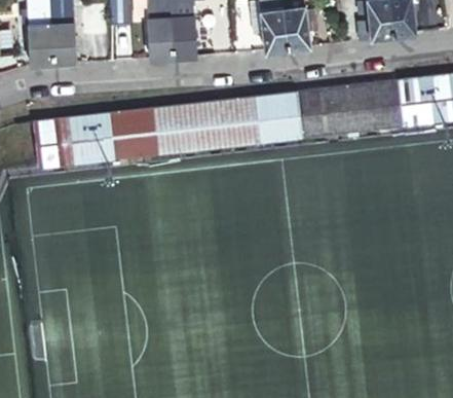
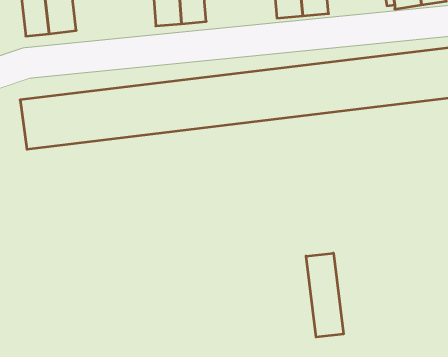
building: none -> [306,253,343,337]

